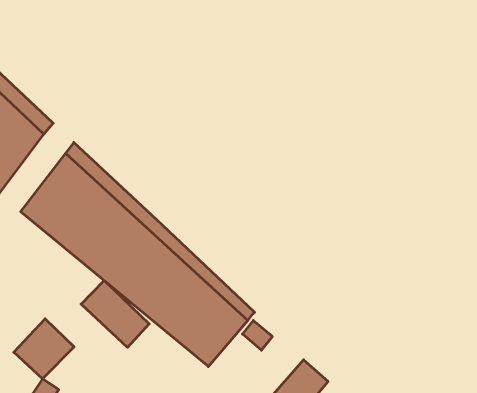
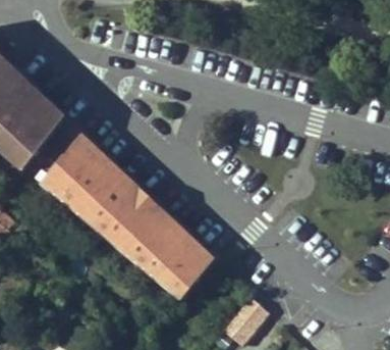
building: [81,280,149,347] -> none
building: [14,319,74,379] -> none

